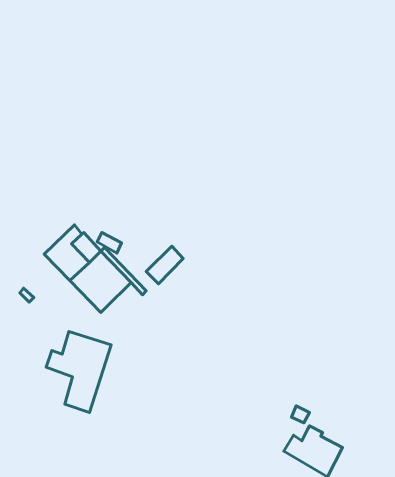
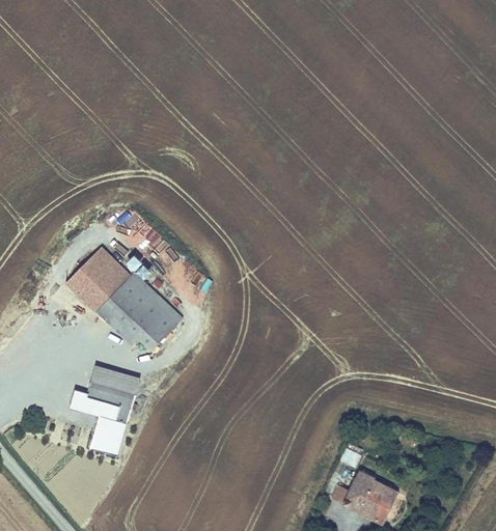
building: [146,246,183,284] -> [136,311,176,353]

